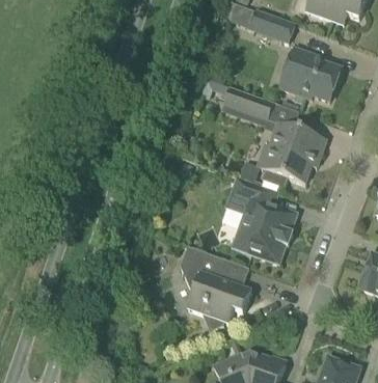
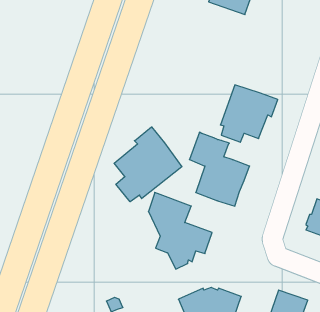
building: [279,47,342,101] -> none
building: [224,86,275,120] -> none
building: none -> [114,127,182,202]

